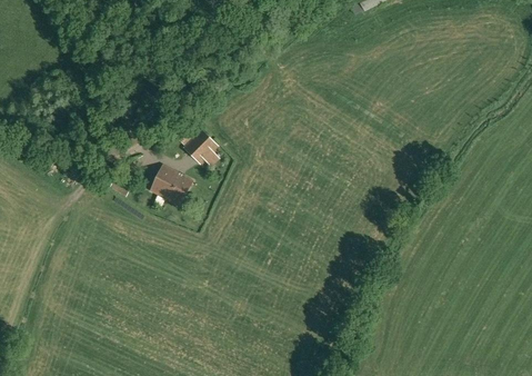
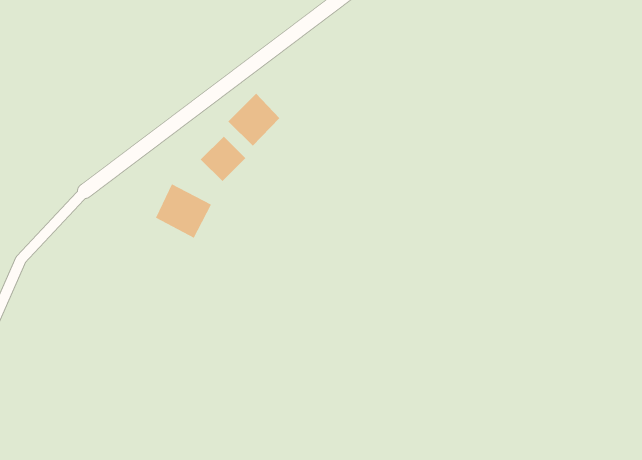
building: none -> [228,93,280,146]

